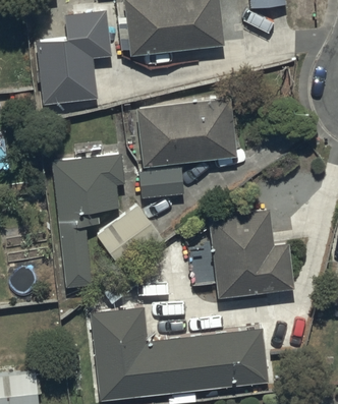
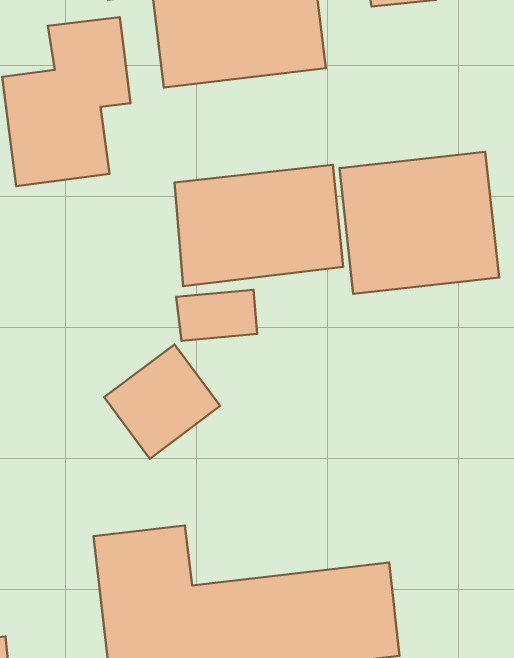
building: none -> [339,152,499,294]
building: [51,153,125,287] -> none
building: [209,211,295,299] -> none

